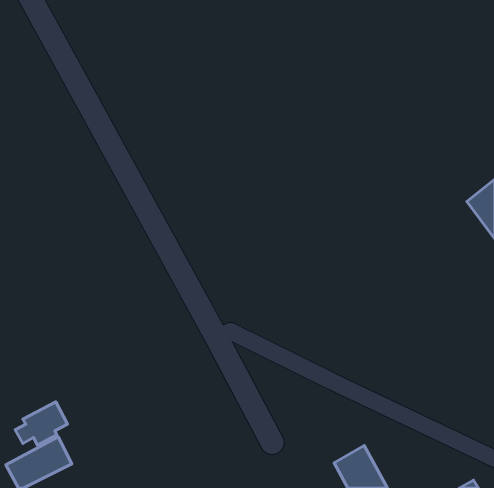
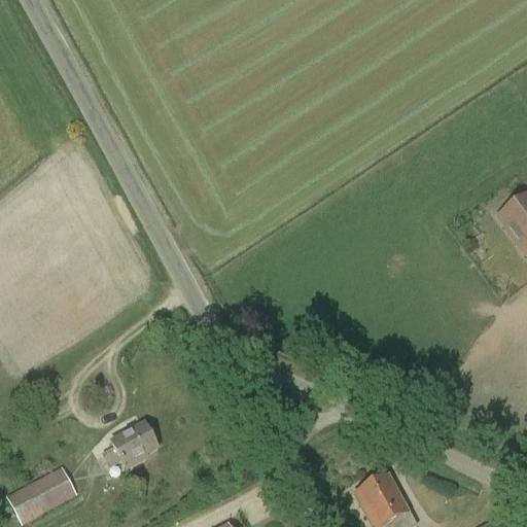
building: [15,402,67,445] -> [102,421,157,467]

